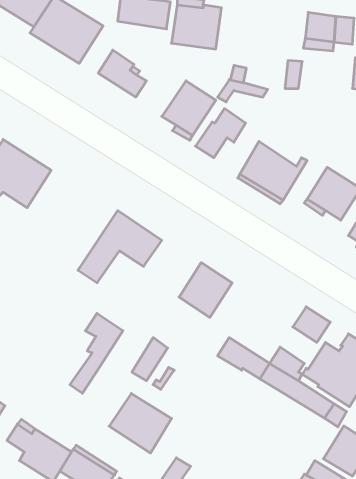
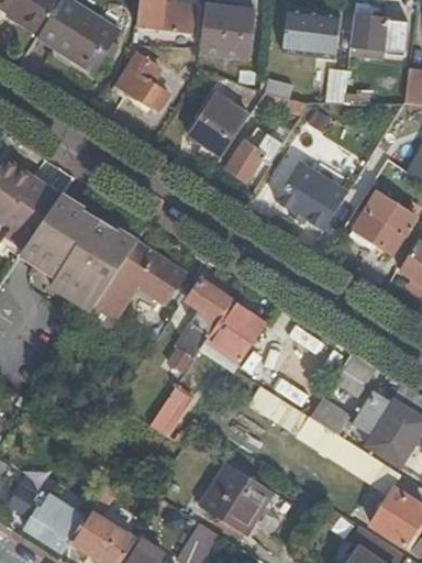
building: none -> [281,7,337,57]
building: none -> [25,192,136,307]
building: [70,313,123,393] -> [171,280,232,372]
building: [109,393,172,453] -> [201,467,273,536]

